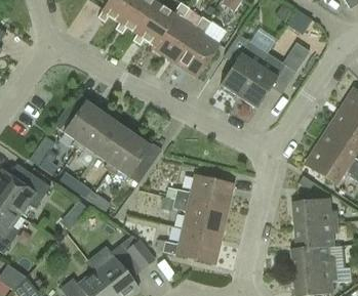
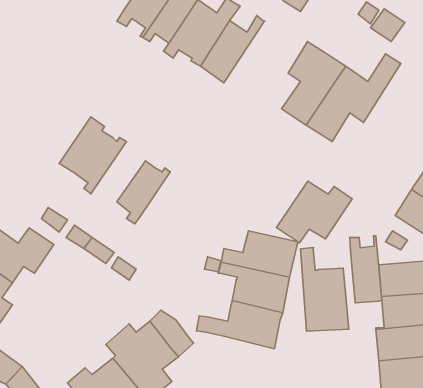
building: [176,19,218,77] -> none
building: [77,109,118,154] -> none
building: [110,131,161,183] -> none
building: none -> [276,181,352,243]
building: none -> [350,236,382,303]
building: none -> [300,247,349,331]

